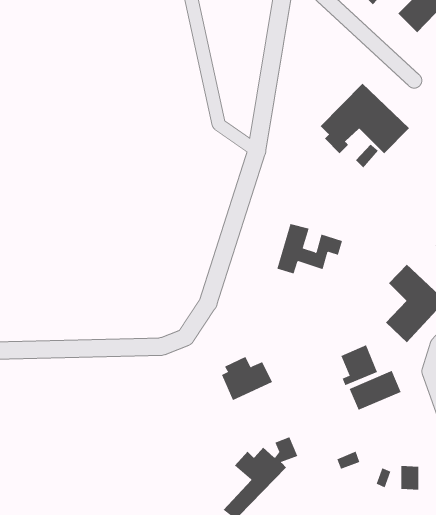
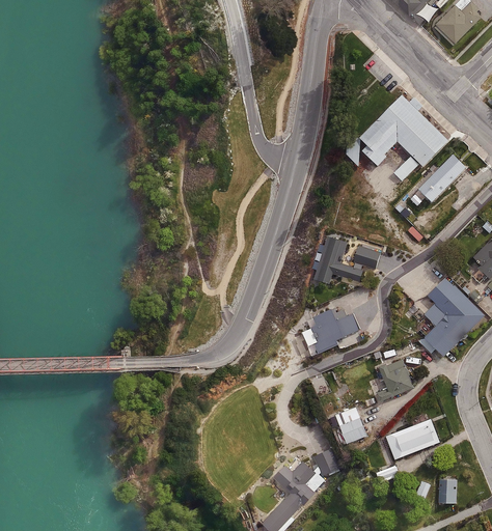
building: none -> [416,153,466,203]
building: [221,356,273,401] -> [308,307,360,352]
building: [349,370,402,411] -> [385,418,438,458]
building: none -> [334,407,366,443]

